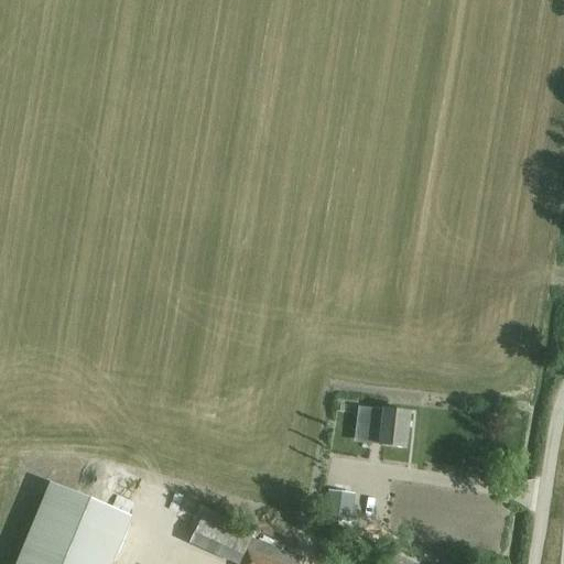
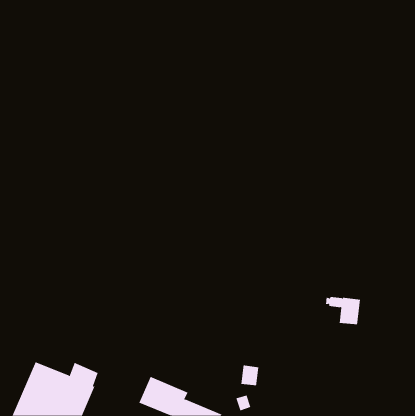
building: [360,411,409,449] -> [325,296,361,325]

